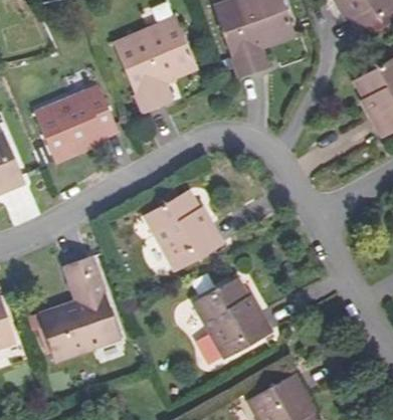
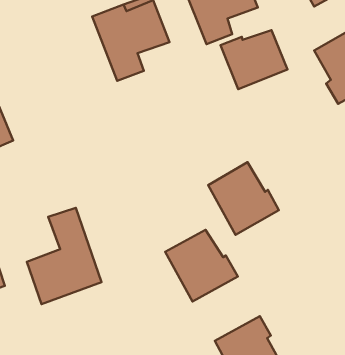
building: none -> [220,30,288,89]
building: [35,86,118,164] -> none
building: [147,191,224,270] -> [208,162,279,235]

